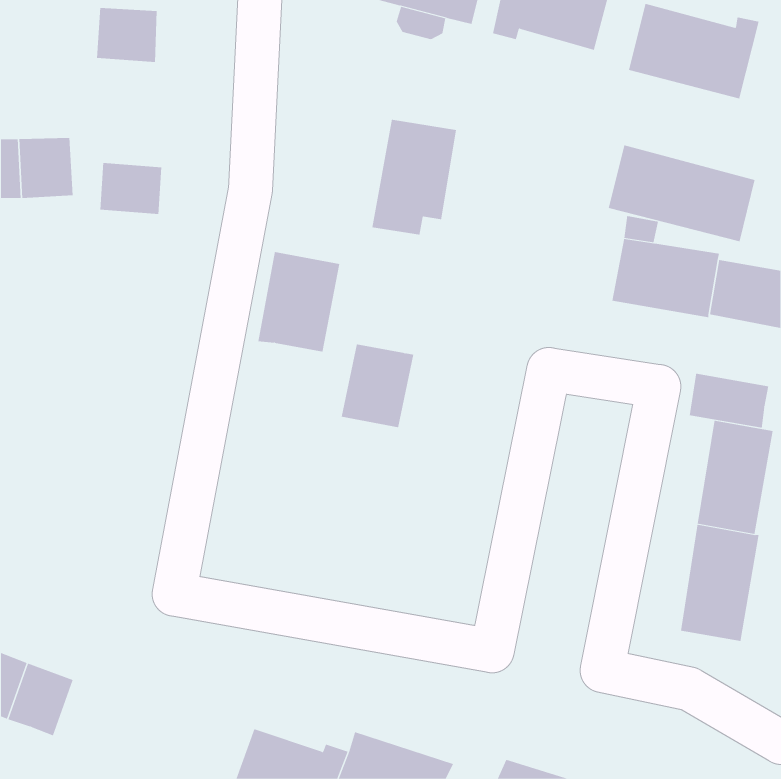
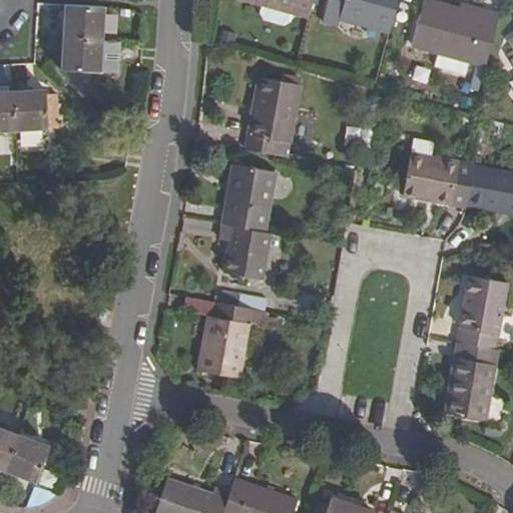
building: [608,144,755,242] -> none
building: [100,163,162,215] -> [61,38,102,72]
building: [258,251,340,352] -> [222,165,277,231]
building: [689,373,769,429] -> none
building: none -> [197,302,251,380]

